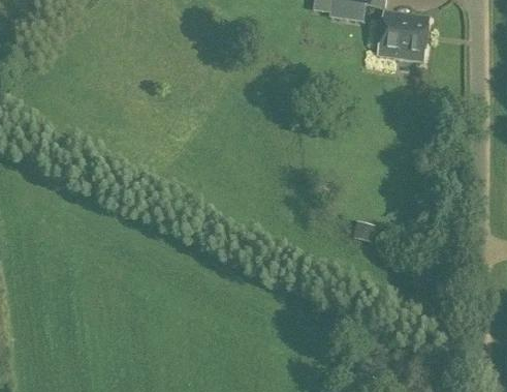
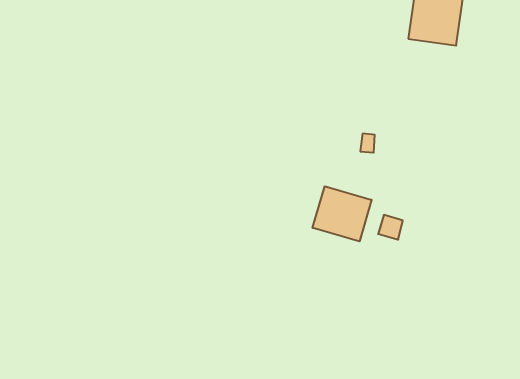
building: none -> [313,186,372,241]

